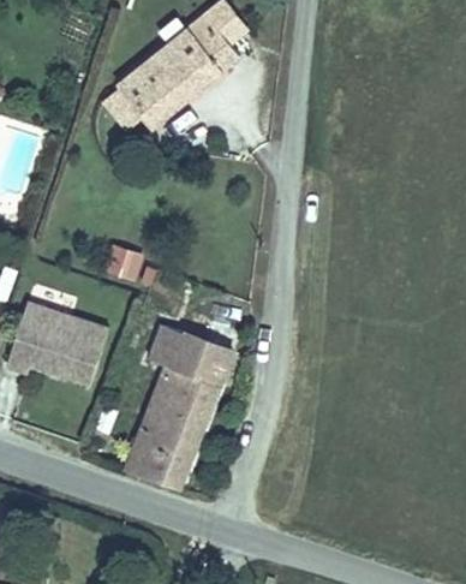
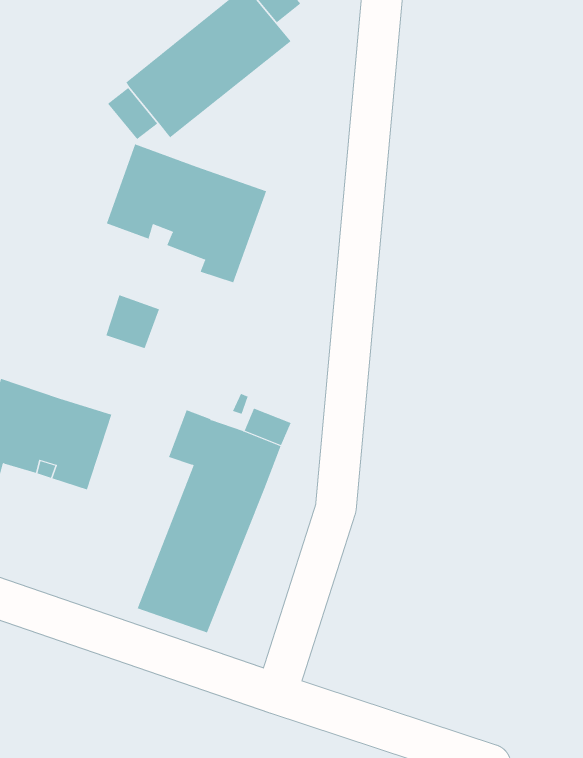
building: none -> [106,143,267,283]

